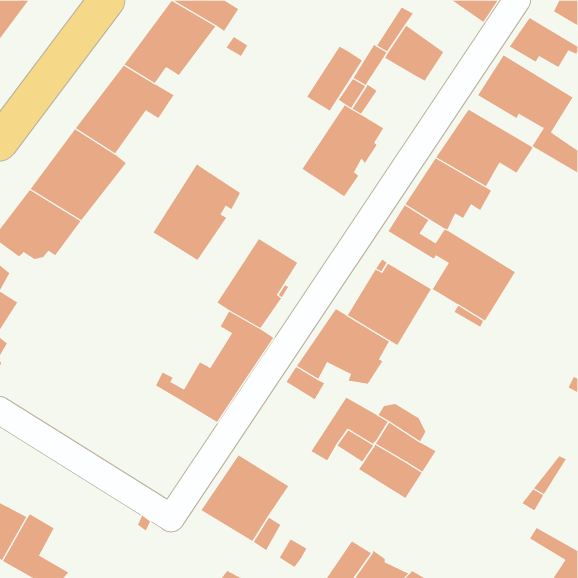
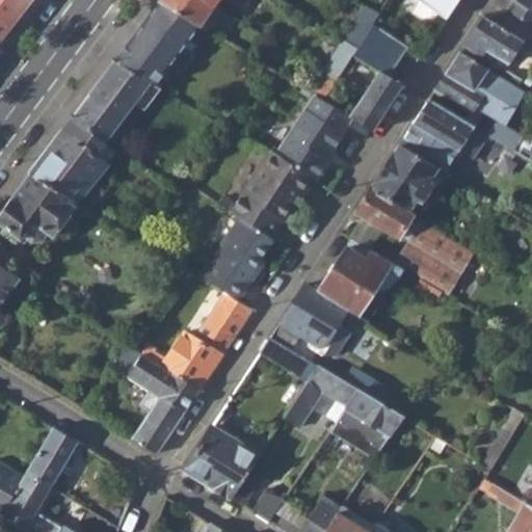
building: [306,46,363,112] -> [350,71,402,131]
building: [152,163,241,261] -> [232,153,313,242]
building: none -> [124,352,200,452]
building: none -> [27,426,75,485]

